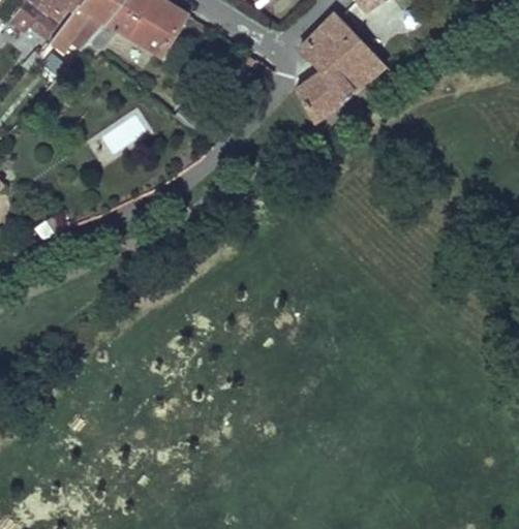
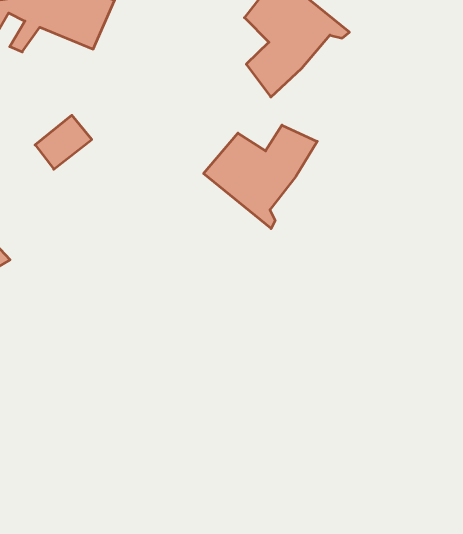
building: none -> [204,125,317,229]

